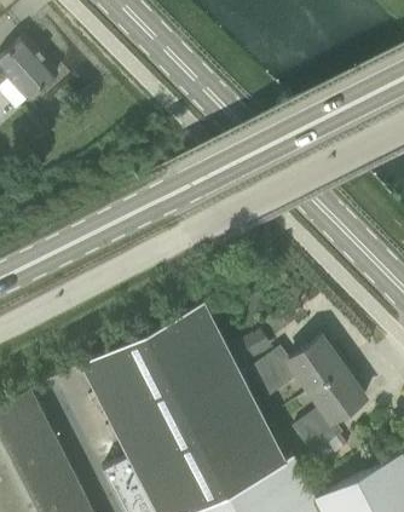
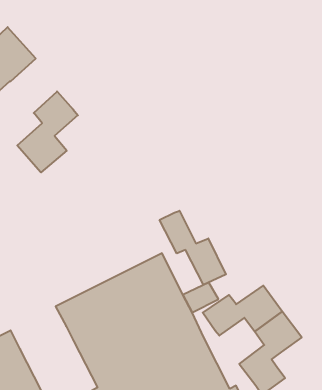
building: none -> [17,91,78,172]
building: none -> [160,211,226,285]

